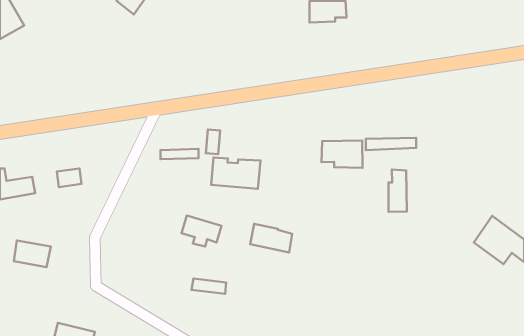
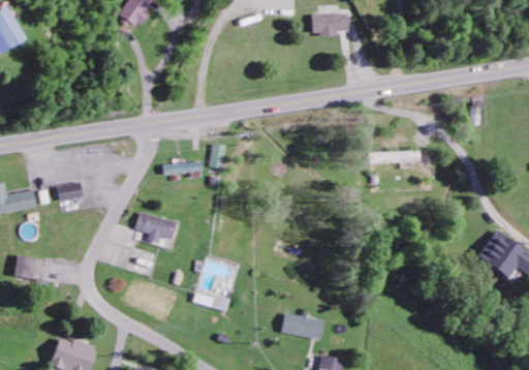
building: [322,140,363,168] -> none
building: [211,157,260,189] -> none
building: [388,170,407,212] -> none
building: [182,216,222,246] -> [134,212,175,243]
building: [250,224,292,252] -> [281,311,323,340]

